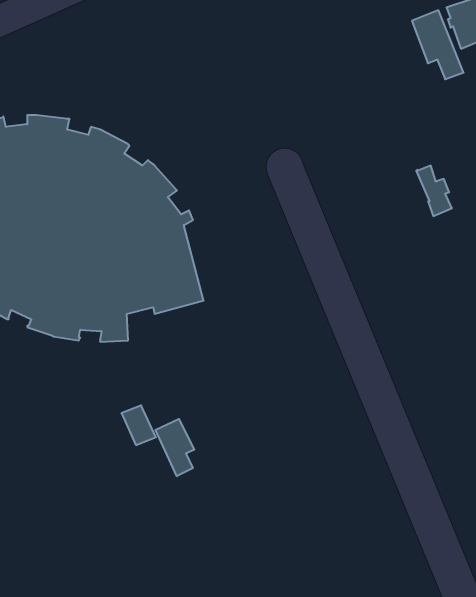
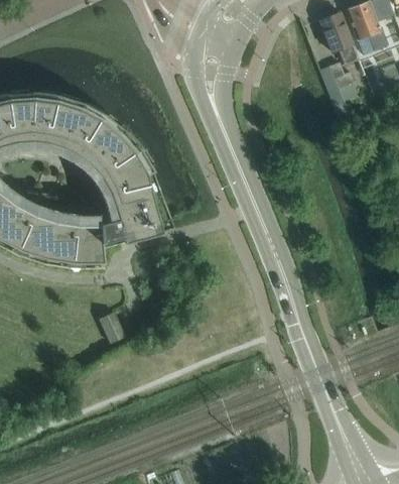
building: [416,166,452,216] -> [328,63,356,101]
building: [156,419,194,476] -> none

